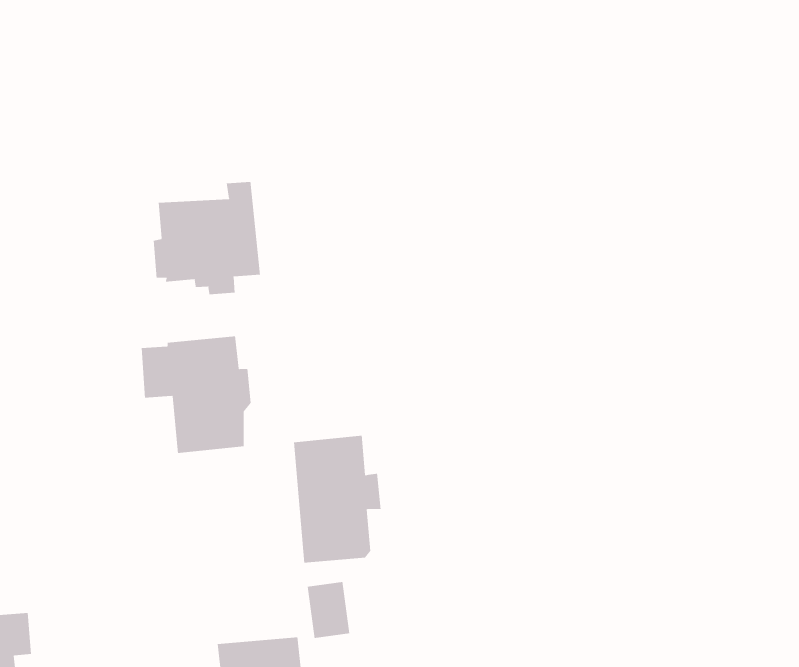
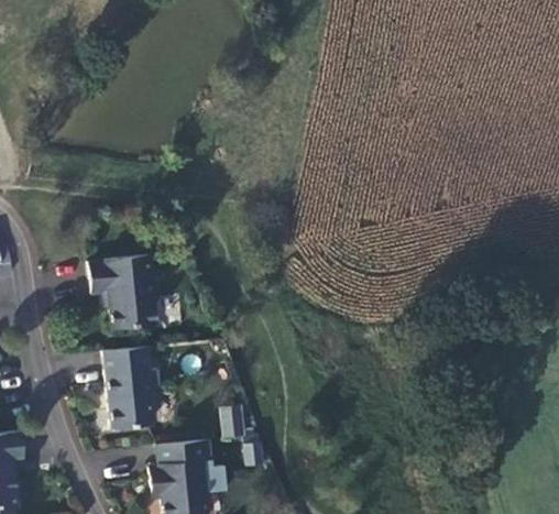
building: [153,181,260,295] -> none
building: [293,435,381,563] -> [108,346,164,427]

